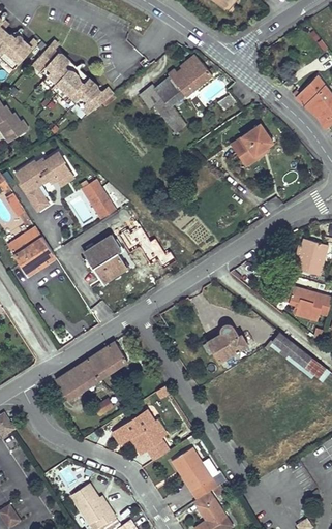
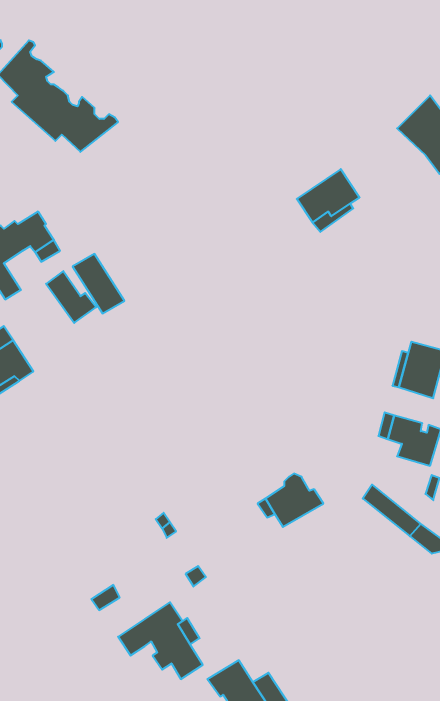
building: [147,56,211,132] -> none
building: [84,236,125,282] -> none
building: [55,342,127,400] -> none

